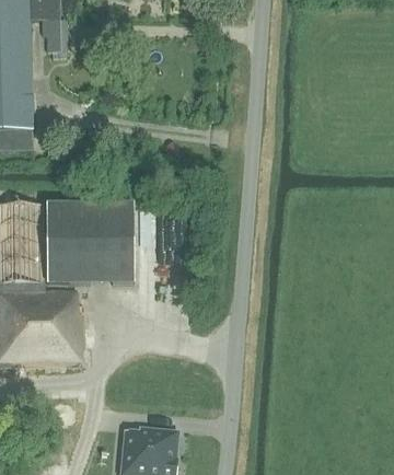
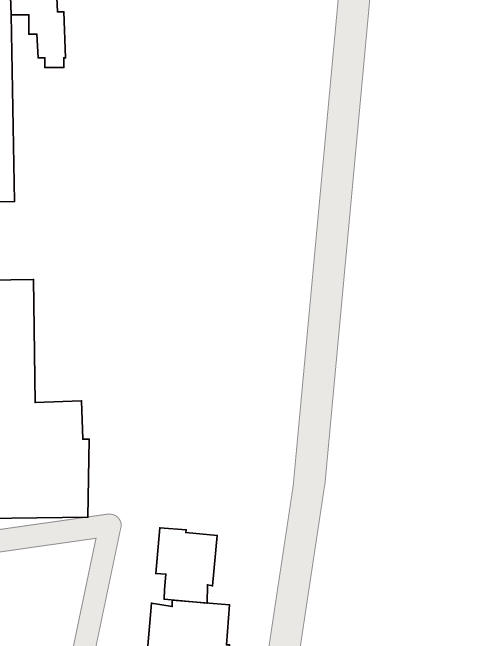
building: [48,202,136,282] -> none
building: none -> [156,528,217,603]

